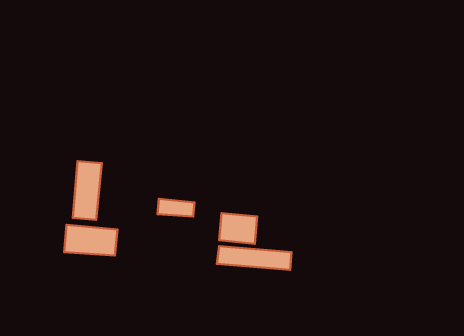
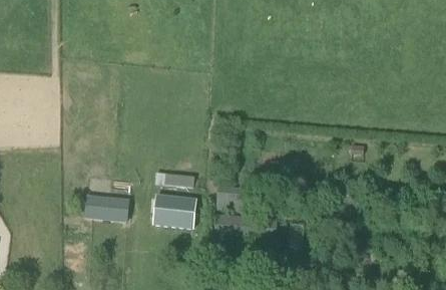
building: [73,161,102,220] -> none
building: none -> [153,194,195,226]

